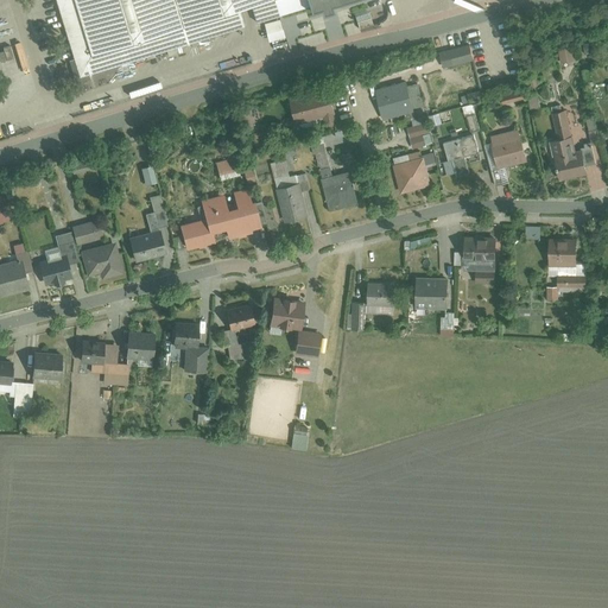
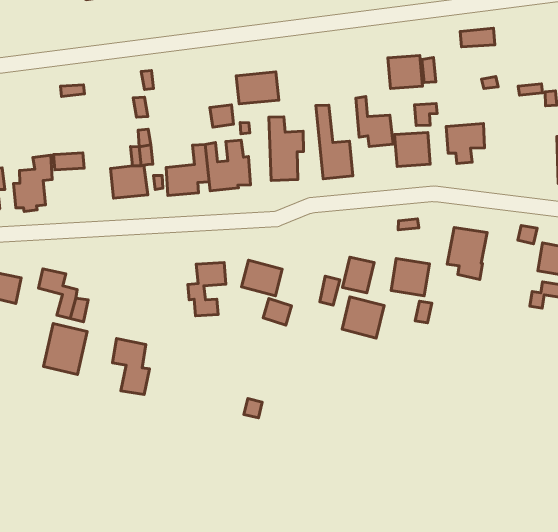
building: [287,88,331,124] -> [236,72,279,104]
building: none -> [356,97,393,147]
building: [490,129,525,167] -> none
building: [78,242,120,278] -> none
building: none -> [342,297,384,338]
building: [172,322,208,370] -> [113,338,150,394]
building: [122,328,154,357] -> none
building: none -> [44,323,87,375]

